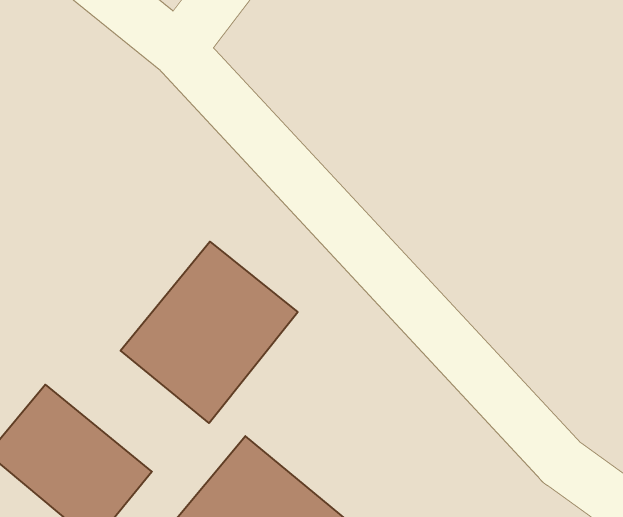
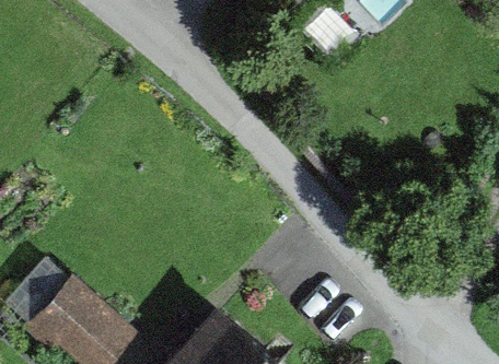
building: [121,242,298,423] -> none

